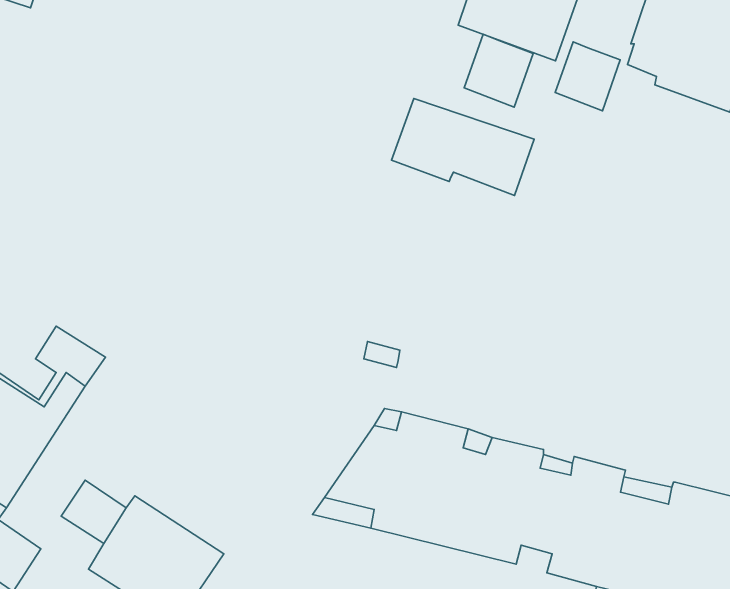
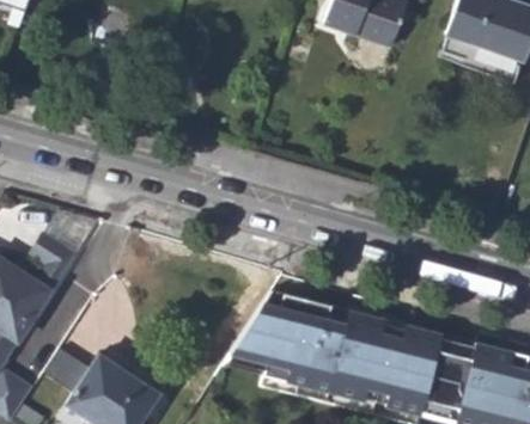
building: [464,34,533,107] -> none
building: [555,42,620,111] -> none
building: [392,99,534,196] -> none

